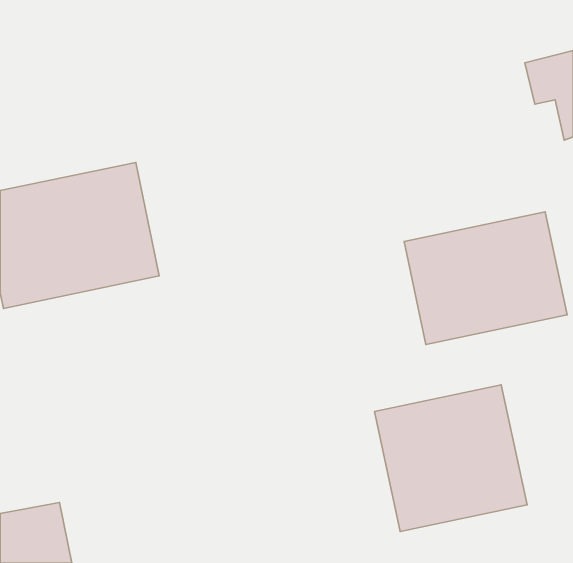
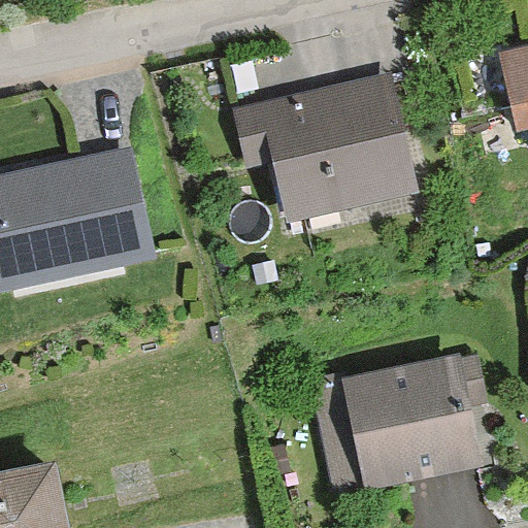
building: none -> [235,71,419,224]
building: [404,212,567,344] -> none

